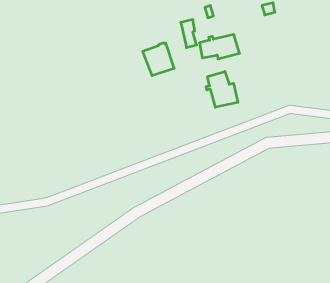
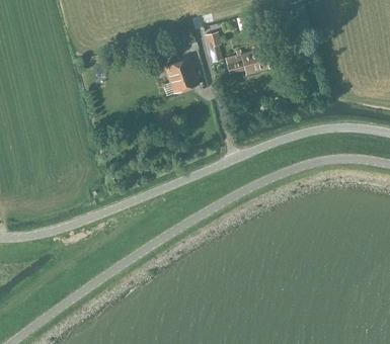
building: [206,71,238,107] -> none

